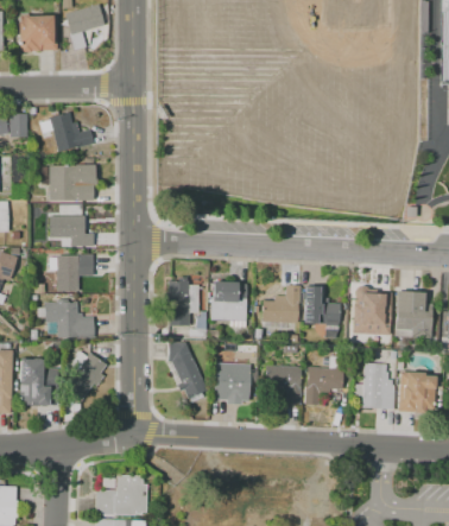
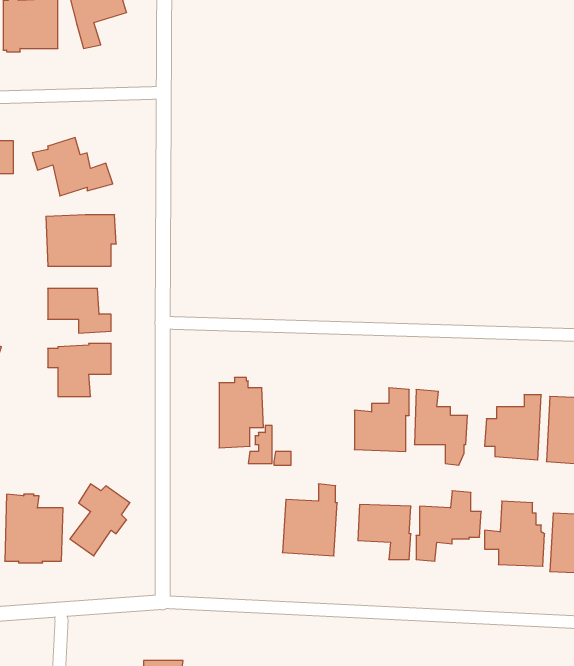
building: [211,281,247,328] -> none
building: [38,299,95,338] -> none
building: [167,342,208,403] -> none

